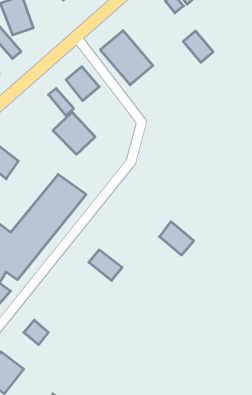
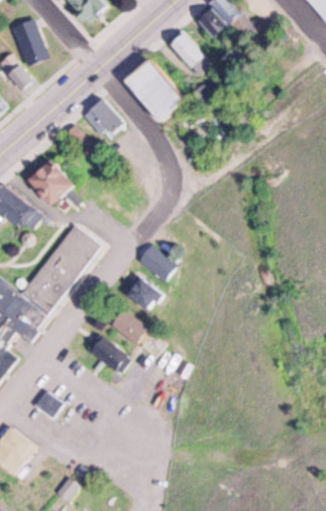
building: [183,31,213,62] -> [169,33,203,70]
building: [53,112,95,154] -> [22,156,71,205]
building: none -> [125,275,160,310]
building: [159,222,194,255] -> [141,244,181,282]
building: none -> [92,337,130,373]

